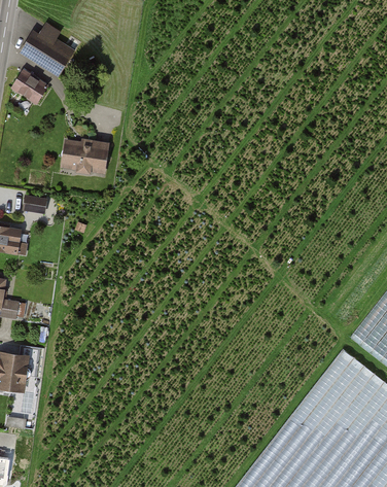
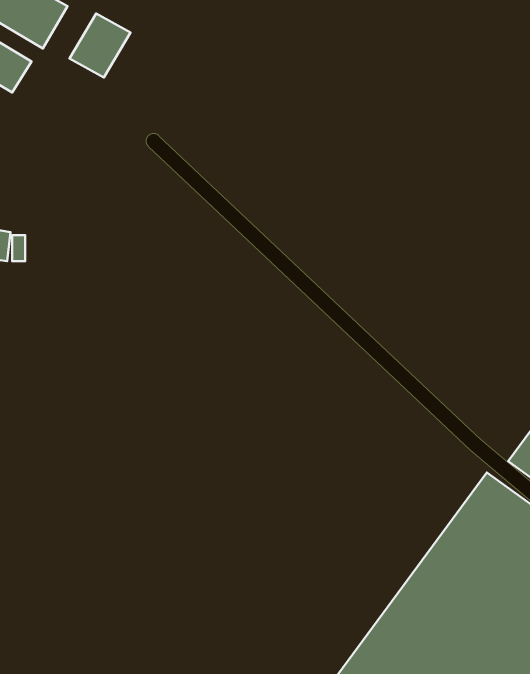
building: none -> [70,13,130,78]
building: [65,143,107,175] -> none

